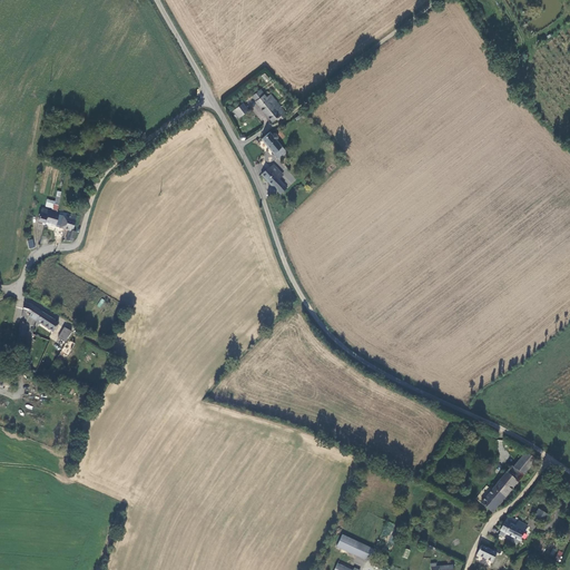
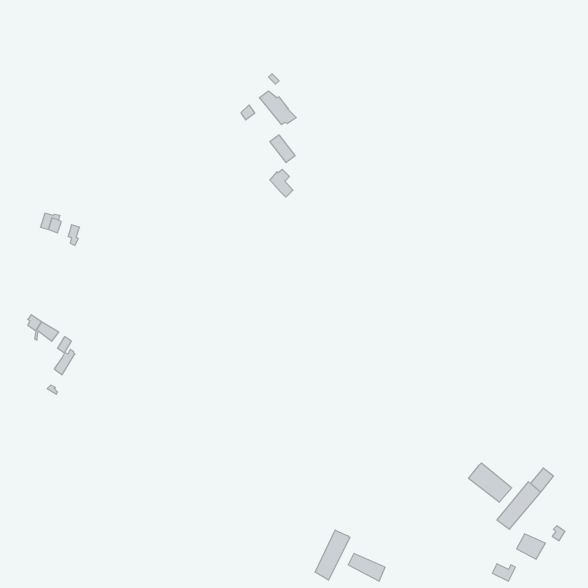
building: none -> [469,463,512,502]
building: none -> [315,530,350,580]

